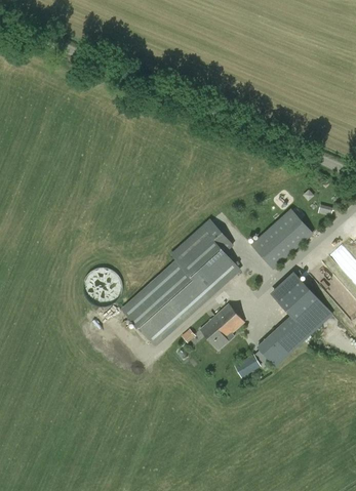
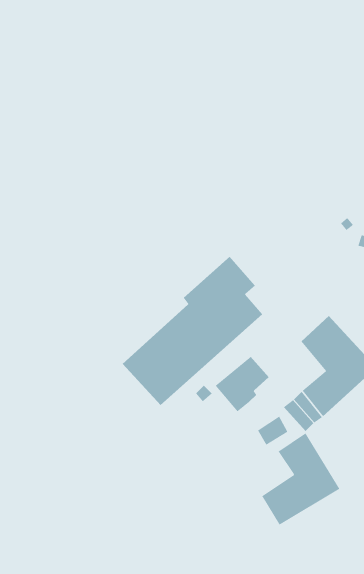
building: [250,209,310,268] -> none
building: none -> [261,432,340,526]

